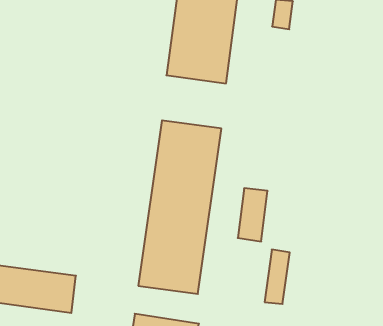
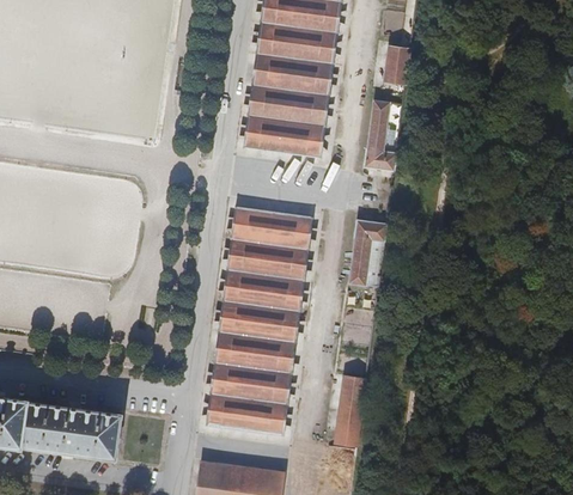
building: none -> [362,100,396,172]
building: none -> [348,220,386,287]
building: [265,250,290,304] -> [333,375,366,447]

